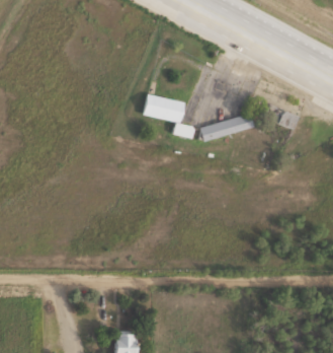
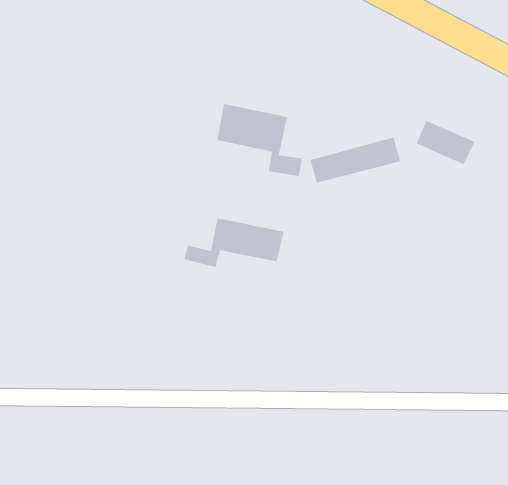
building: none -> [184,217,284,268]

